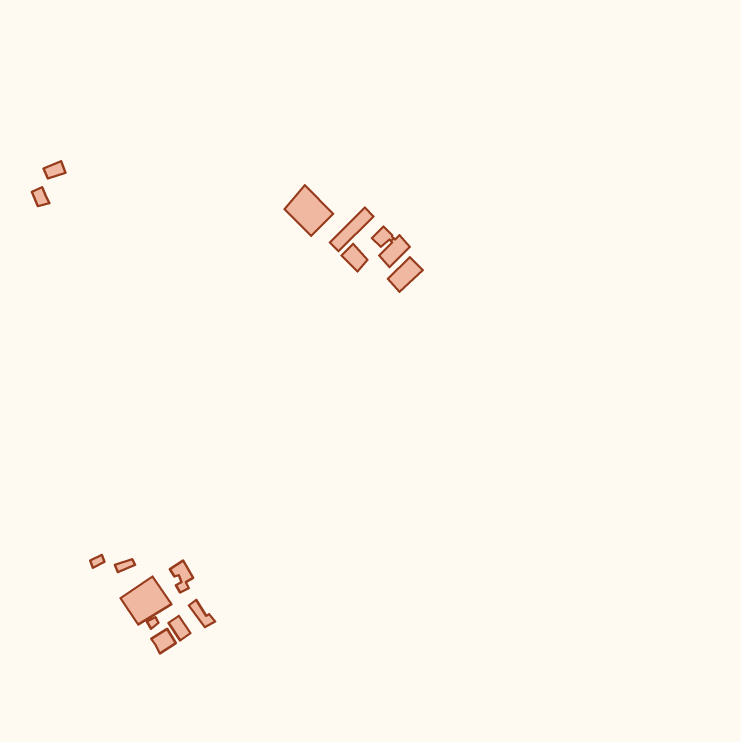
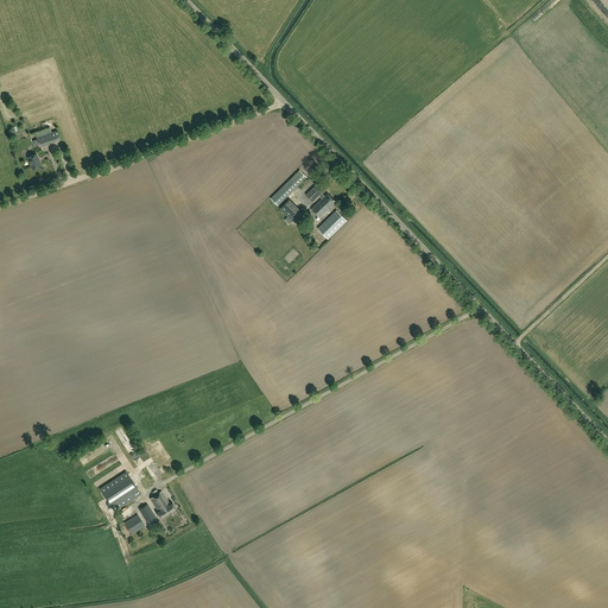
building: [284,185,333,236] -> none

